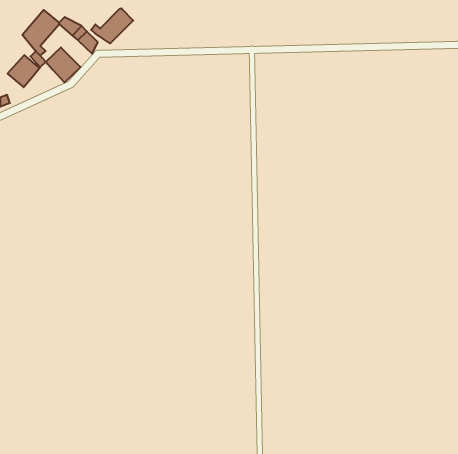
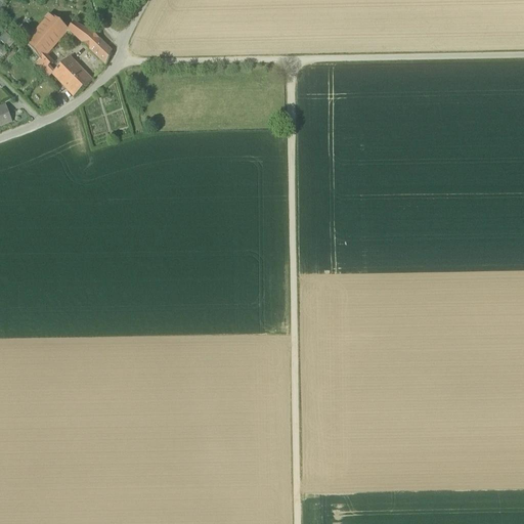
building: [91,8,133,43] -> none
building: [8,55,40,87] -> none

